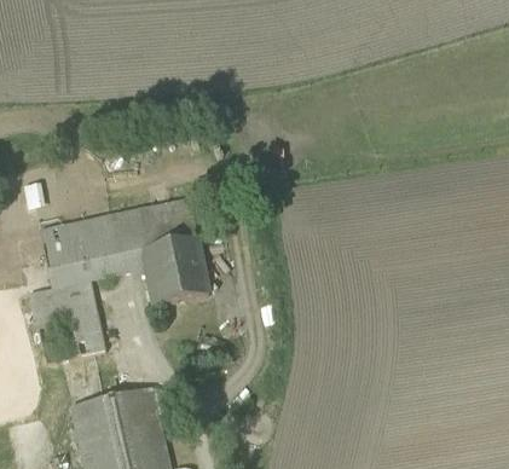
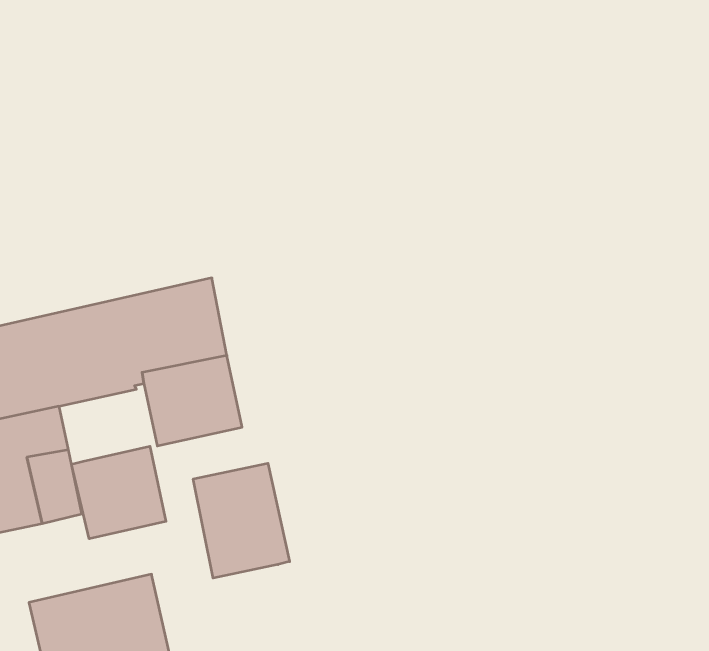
building: none -> [71,446,166,539]
building: none -> [193,463,290,578]

